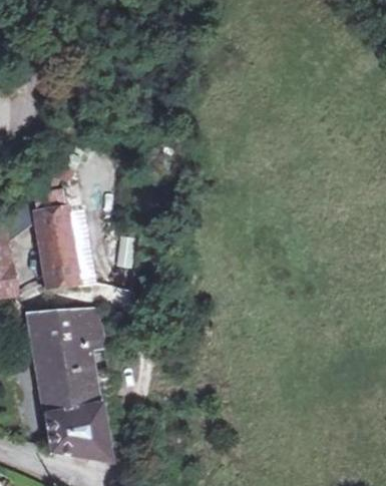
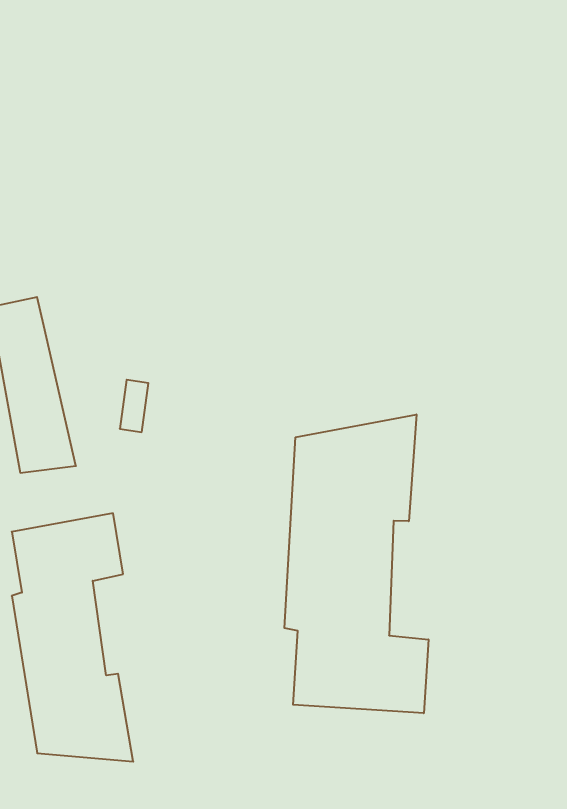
building: none -> [284,414,428,713]

